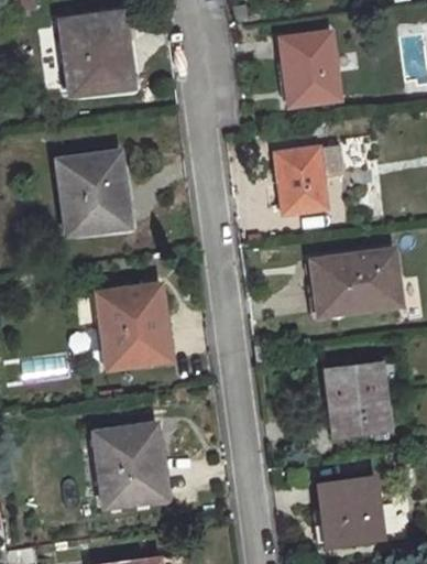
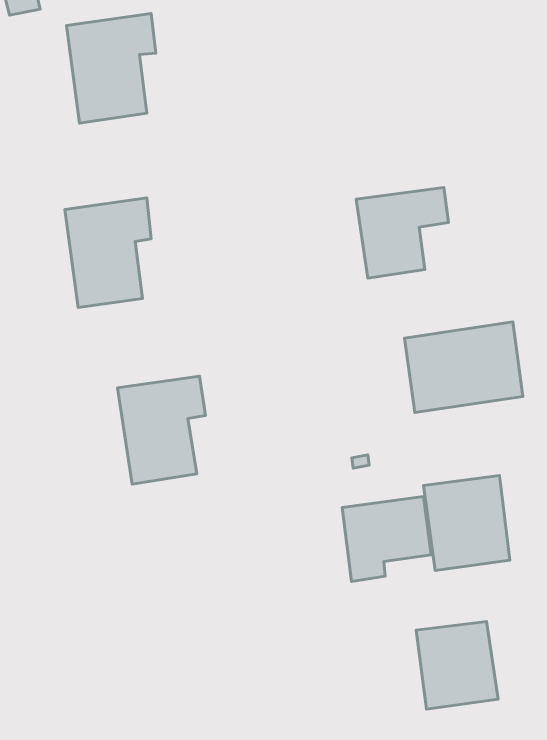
building: [282,31,340,106] -> none
building: none -> [342,497,431,582]
building: [94,426,158,508] -> none

